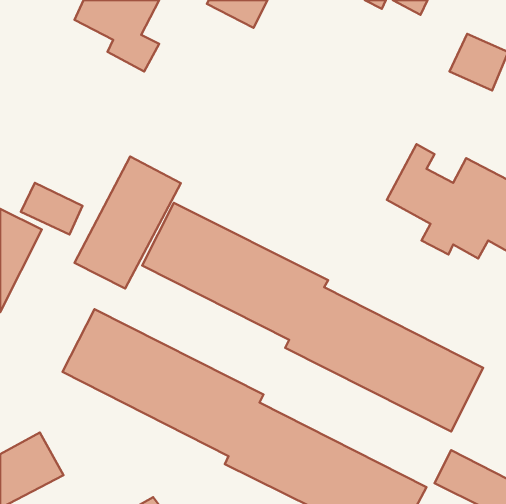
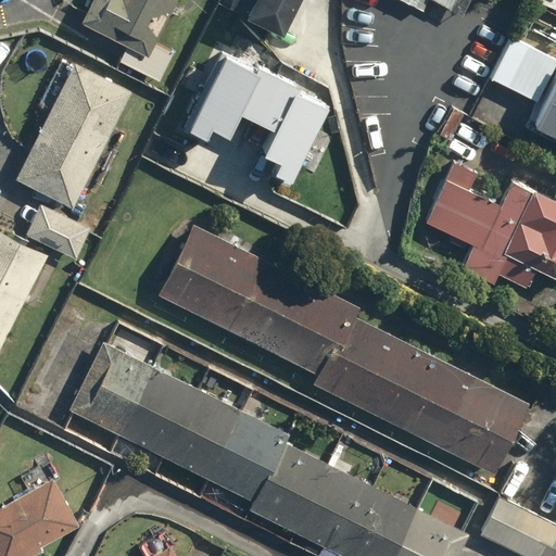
building: none -> [182,53,326,185]
building: [74,156,181,289] -> [16,64,132,208]

